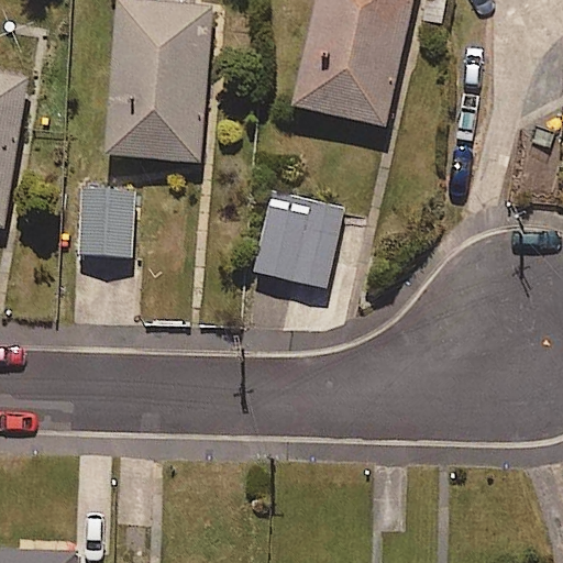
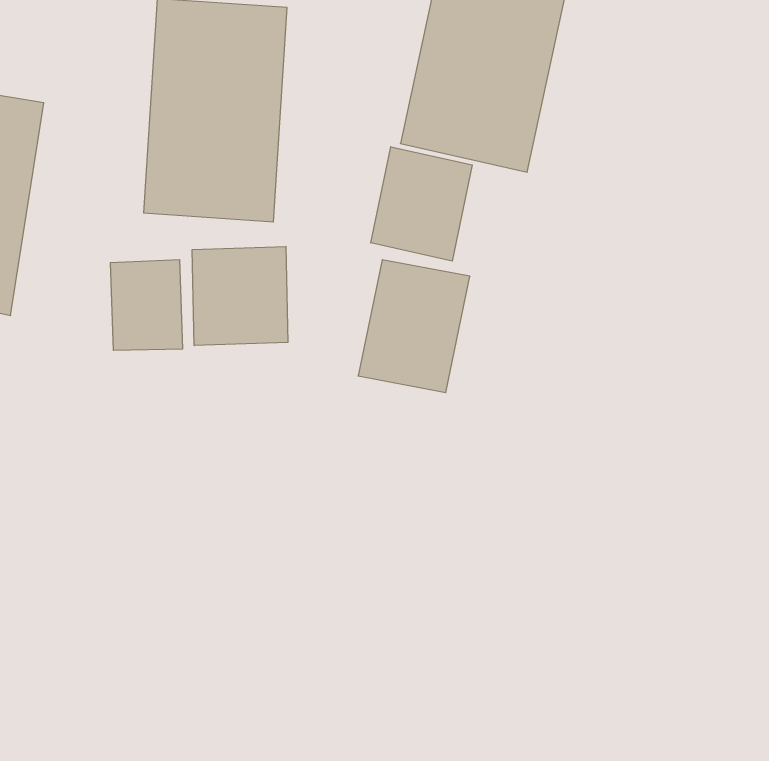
building: none -> [371,147,472,261]
building: none -> [192,246,288,346]

